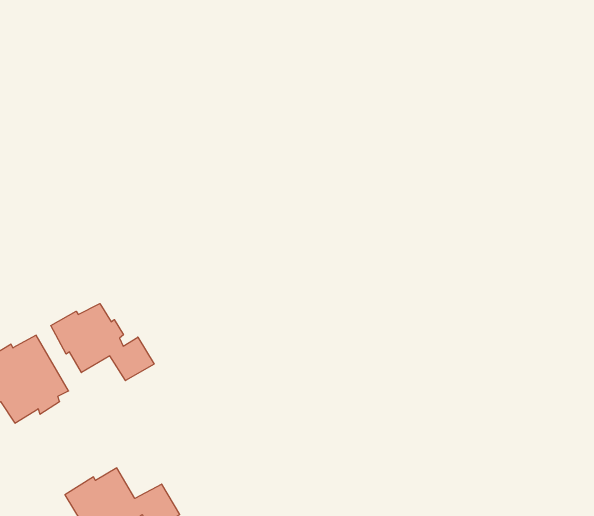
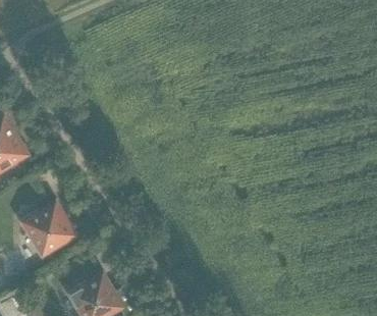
building: [51,304,154,381] -> none

